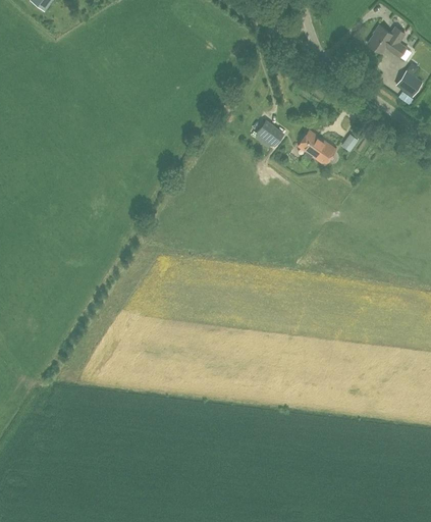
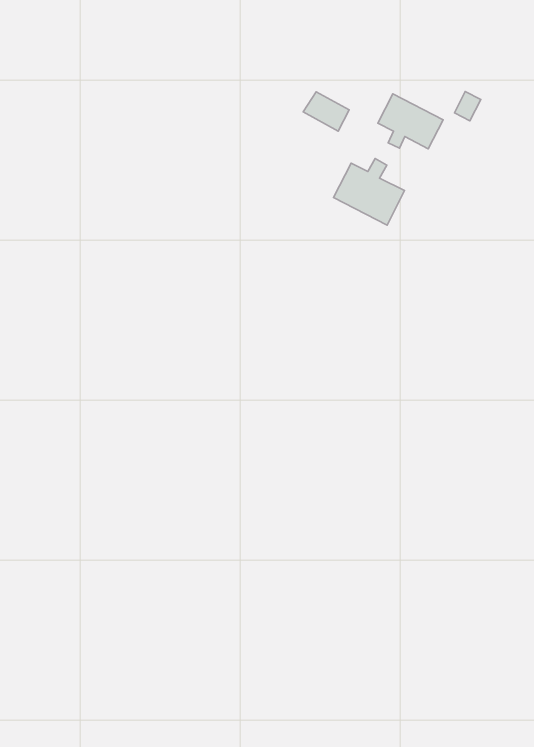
building: none -> [334,158,405,225]

